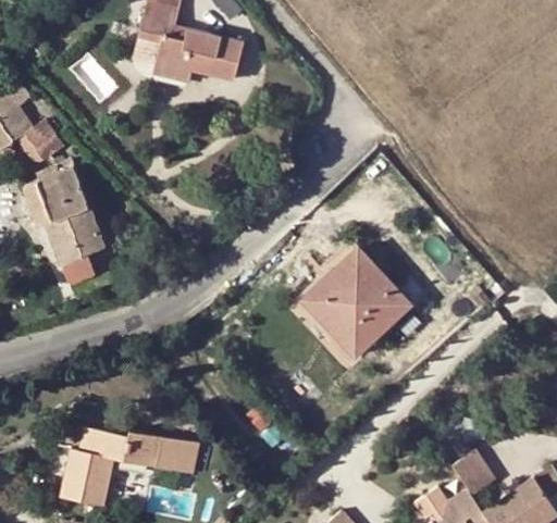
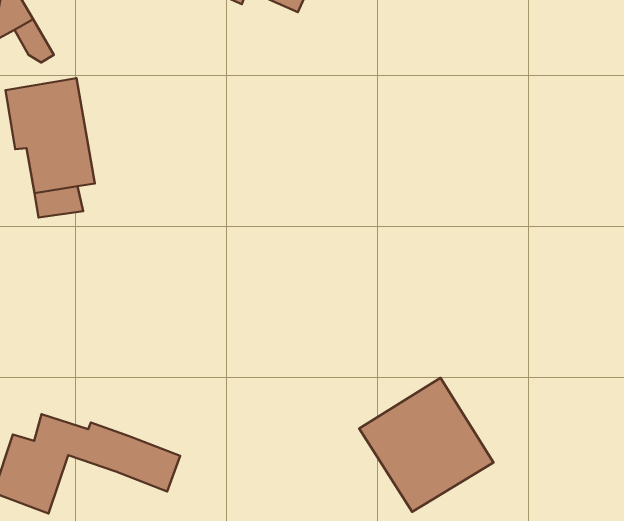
building: [302,247,411,354] -> [359,378,494,512]

